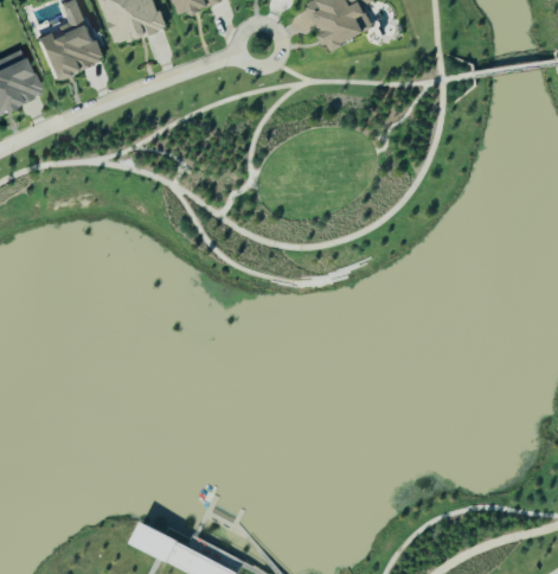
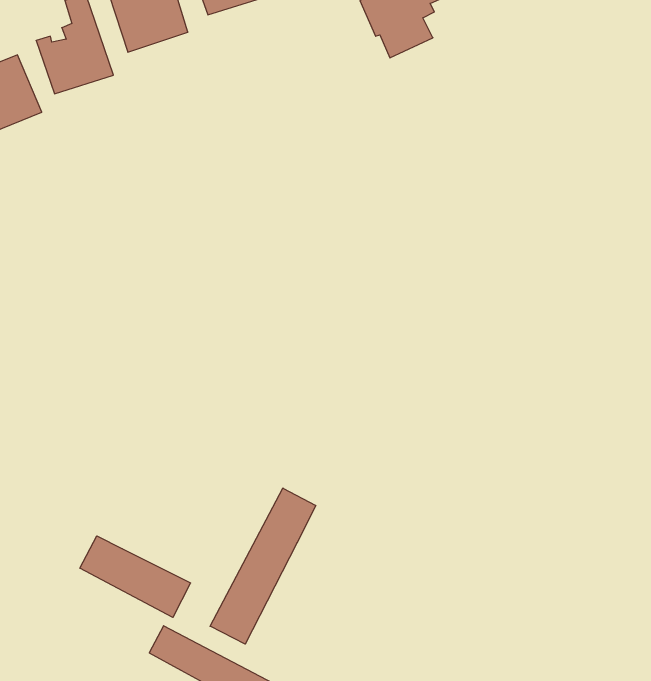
building: none -> [210,488,316,644]
building: none -> [80,536,191,617]

